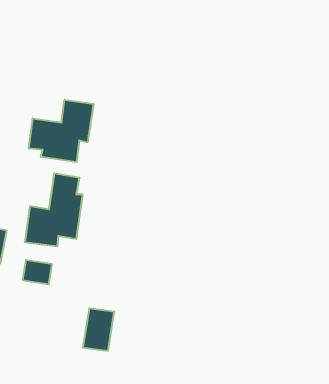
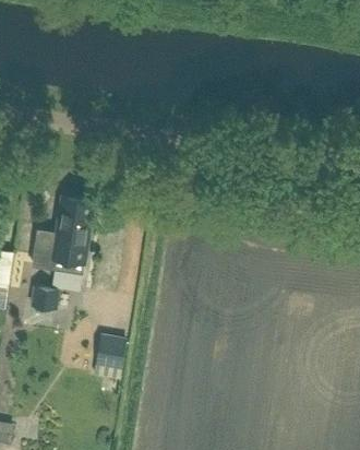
building: [29,100,93,162] -> none

